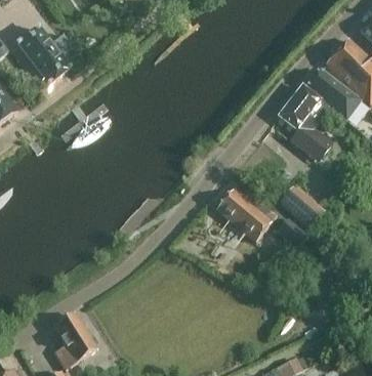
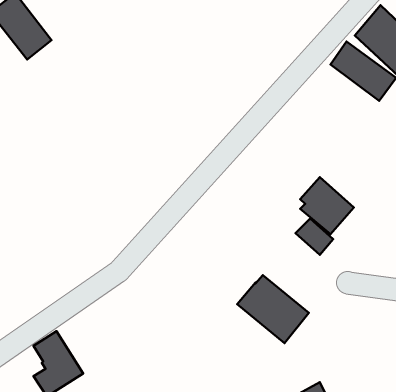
building: [278,85,330,158] -> none
building: [216,182,277,240] -> [237,275,309,343]

